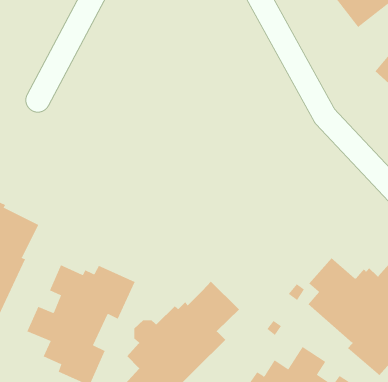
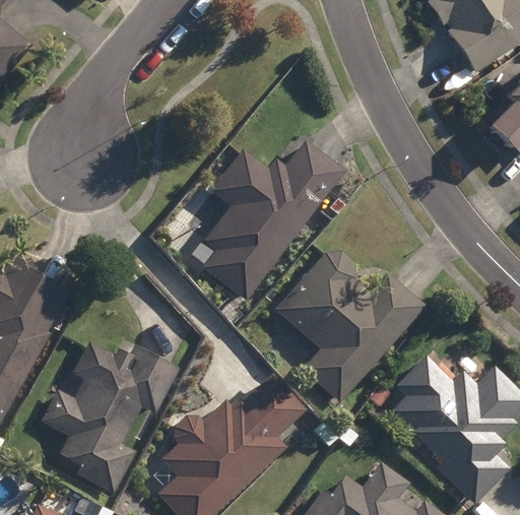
building: none -> [194,139,346,302]
building: none -> [275,251,426,401]

